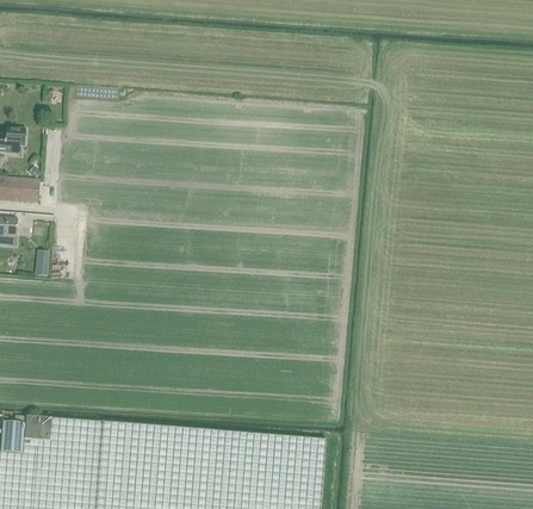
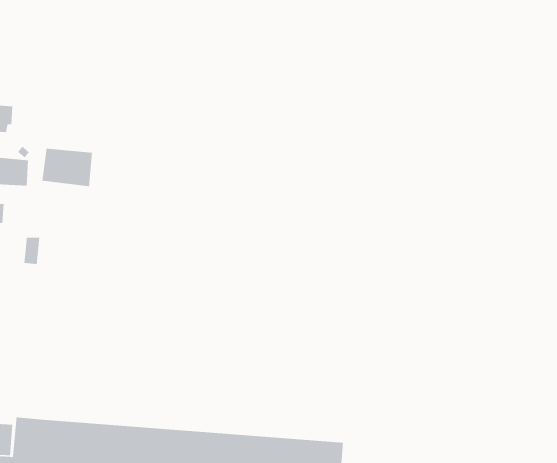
building: none -> [42,148,93,187]

